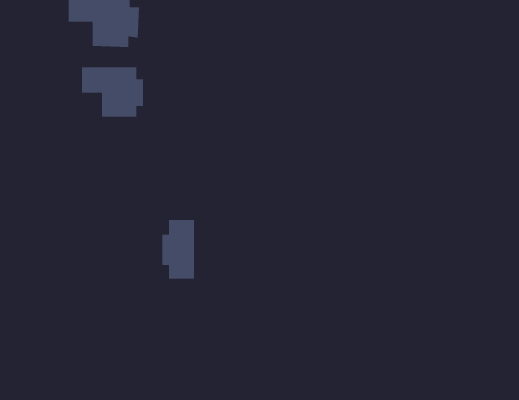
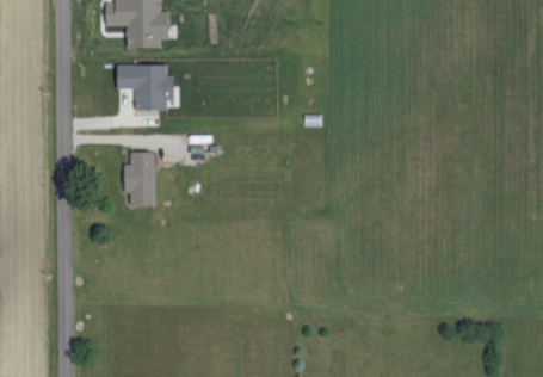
building: [162,219,195,279] -> [124,152,154,205]

